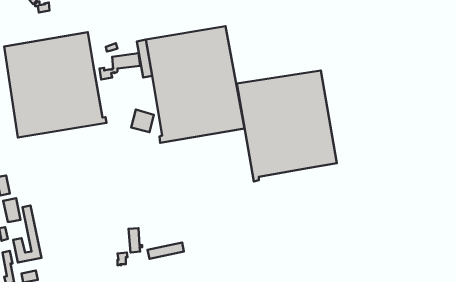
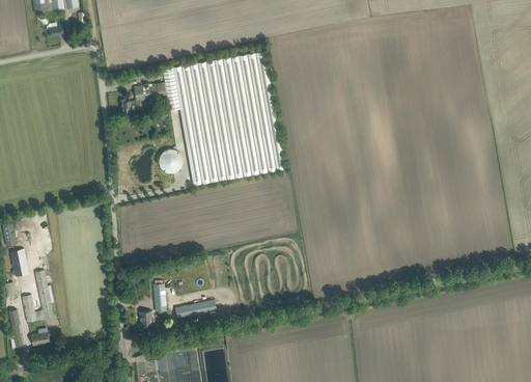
building: [4,32,107,138] -> none
building: [237,71,337,181] -> none

